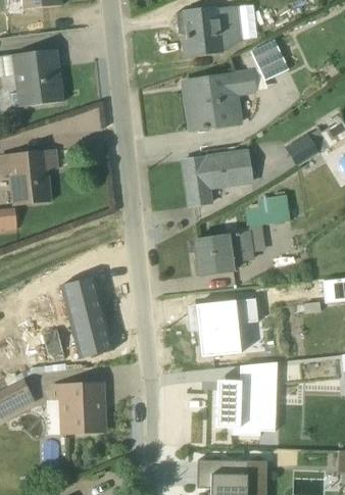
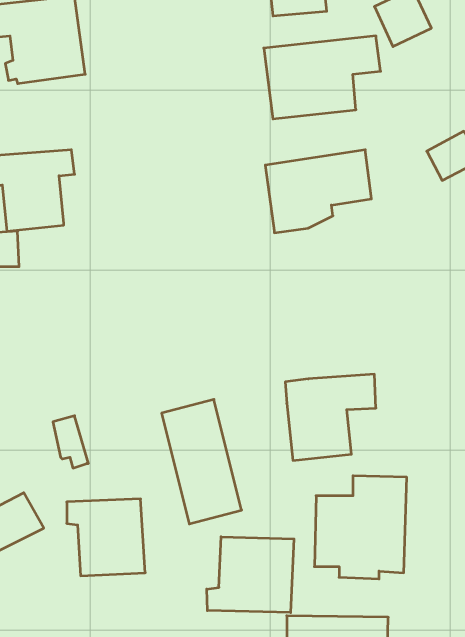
building: [194,193,290,275] -> none
building: [60,275,113,357] -> [162,399,242,524]
building: none -> [207,537,294,613]

